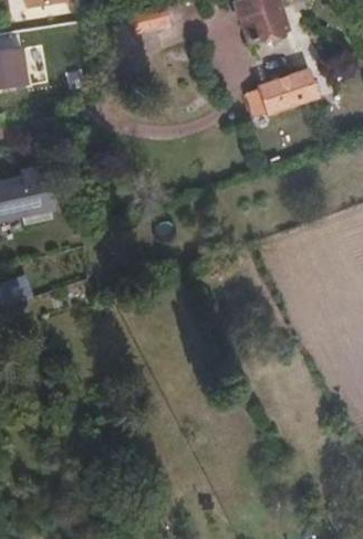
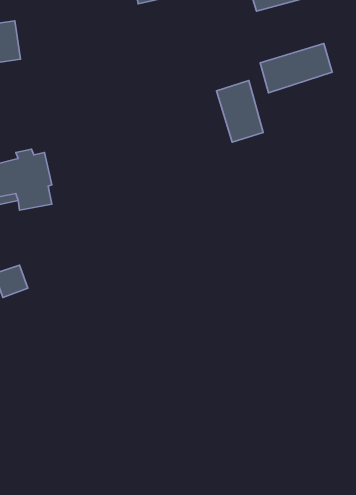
building: none -> [217,80,263,142]

